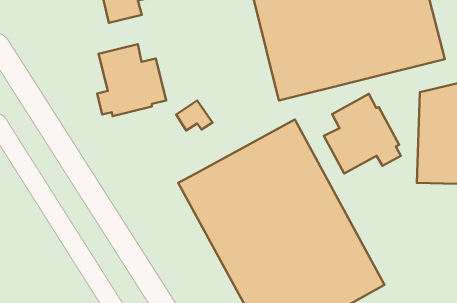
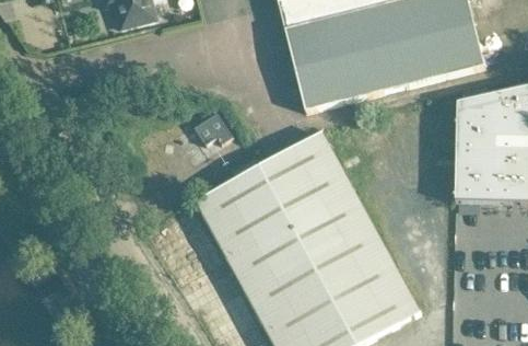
building: [97,44,166,116] -> none
building: [324,94,401,174] -> none

